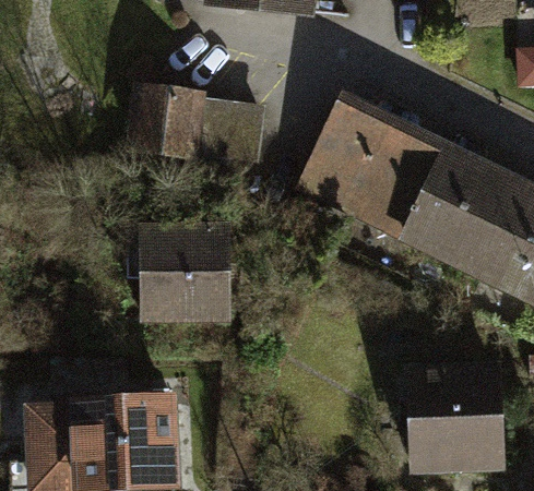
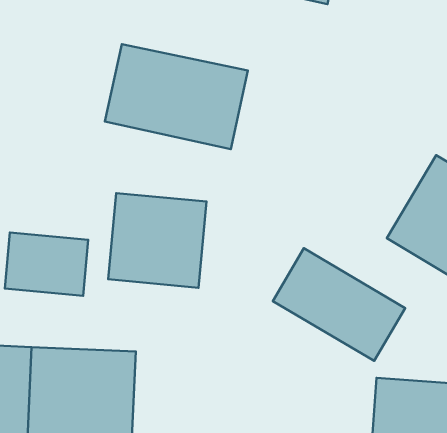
building: [313,113,454,247] -> none
building: none -> [273,248,405,361]
building: none -> [5,232,88,296]

